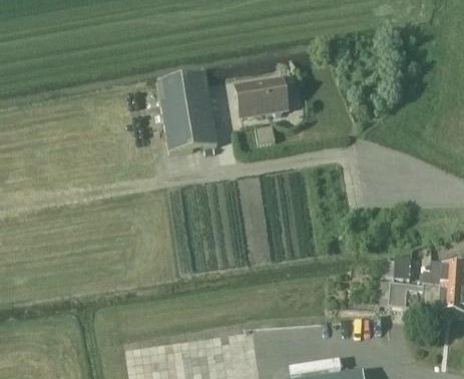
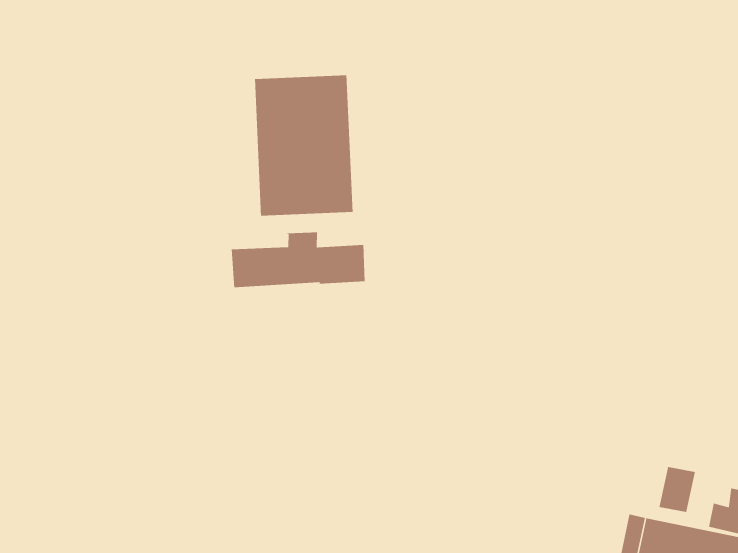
building: [236,74,288,114] -> none
building: none -> [231,232,365,288]

